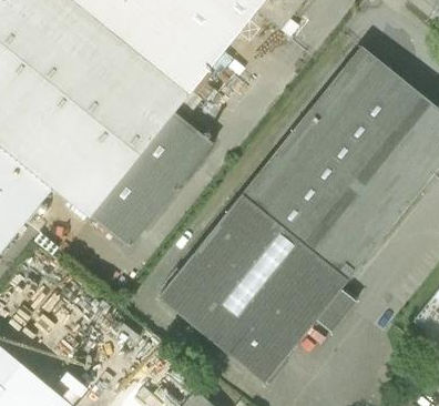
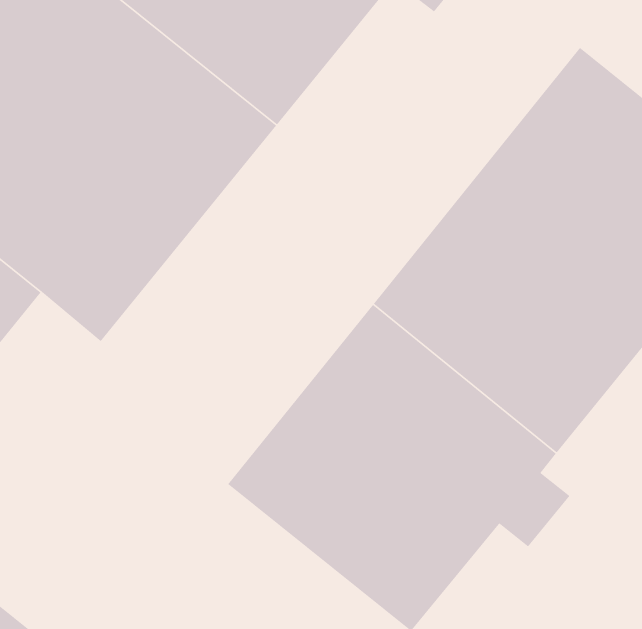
building: [85,110,211,248] -> none

